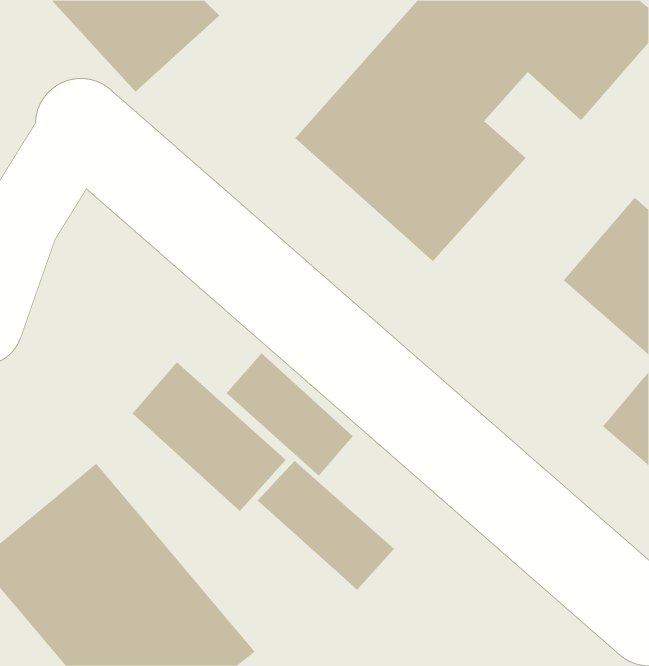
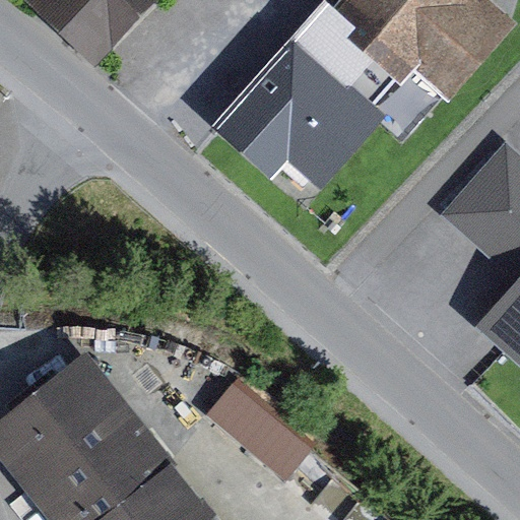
building: [226,353,354,477] -> none
building: [132,362,286,512] -> none

